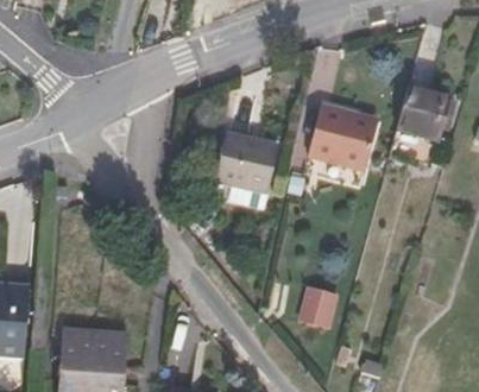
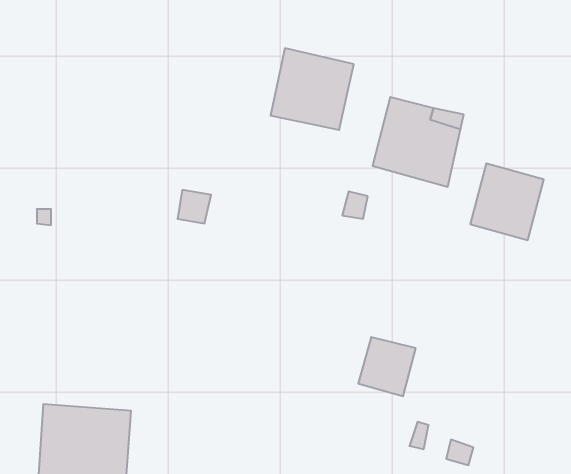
building: [397,84,452,141] -> [470,163,544,240]
building: [216,132,278,192] -> [271,48,354,130]

